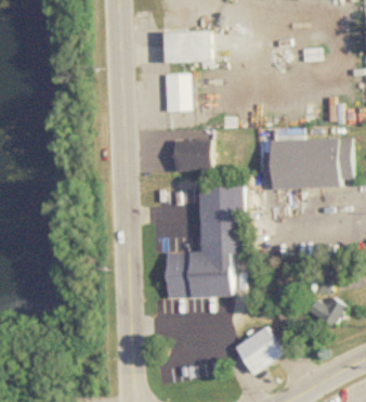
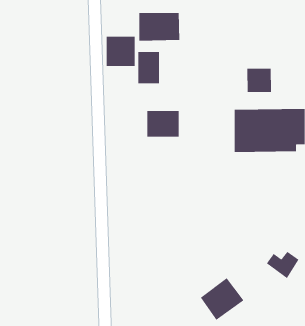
building: none -> [106,36,135,67]
building: none -> [246,68,272,93]
building: [165,185,245,298] -> none

